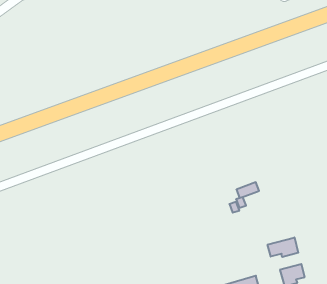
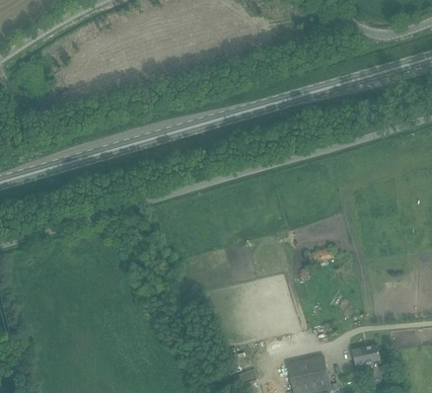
building: [268,237,298,257] -> none

